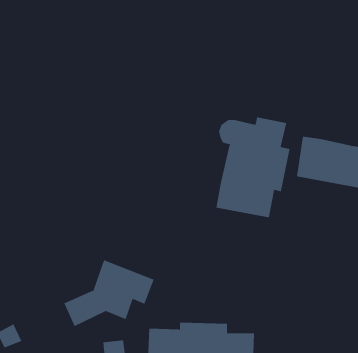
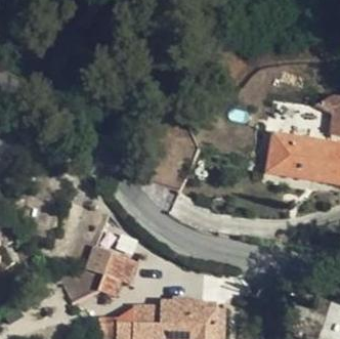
building: [216,117,290,218] -> none

